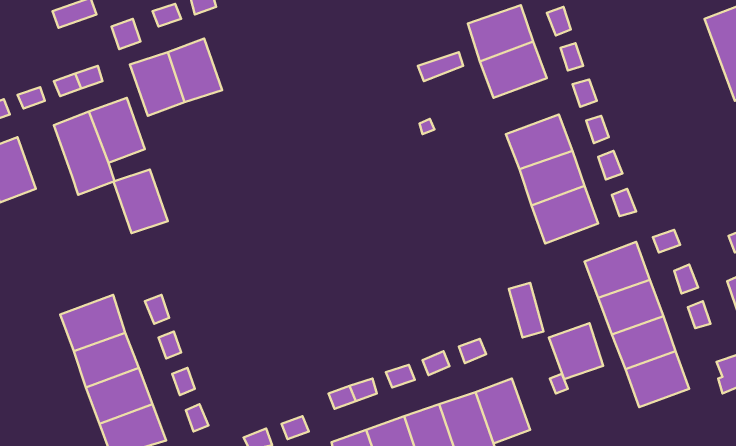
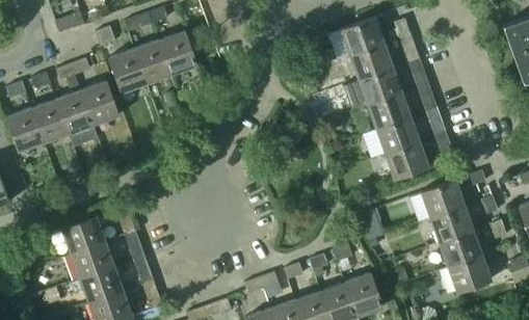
building: none -> [159,31,196,75]
building: none -> [358,66,402,105]
building: [113,170,168,233] -> [31,99,69,142]
building: [549,323,603,379] -> none

